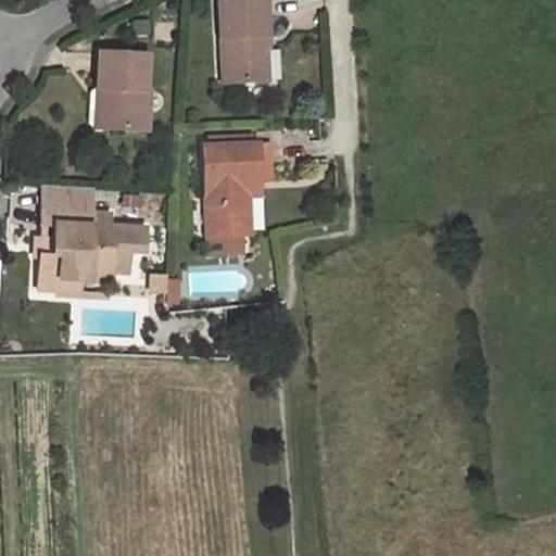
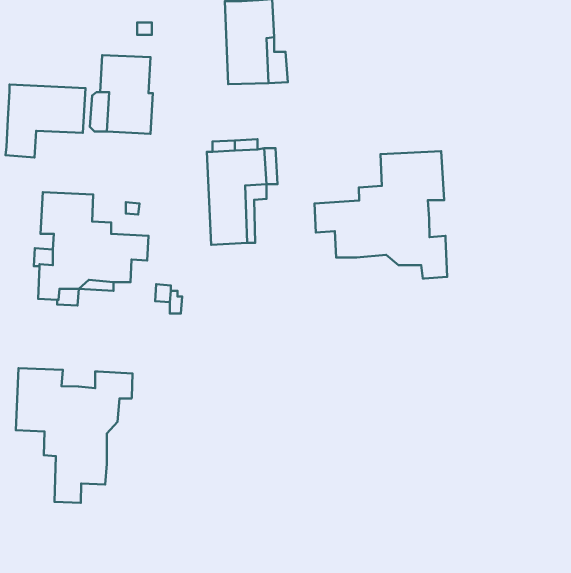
building: none -> [5,84,85,157]
building: none -> [314,151,447,278]
building: none -> [16,368,132,503]

